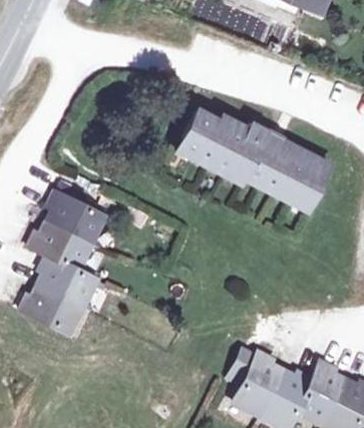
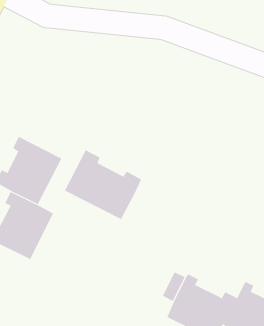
building: [183,111,331,207] -> none
building: none -> [64,150,142,220]

